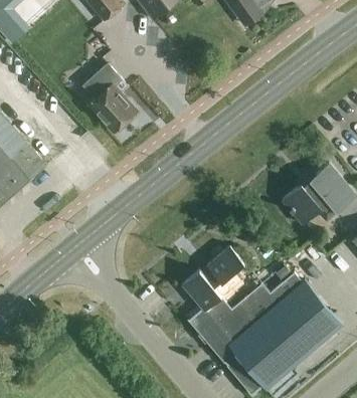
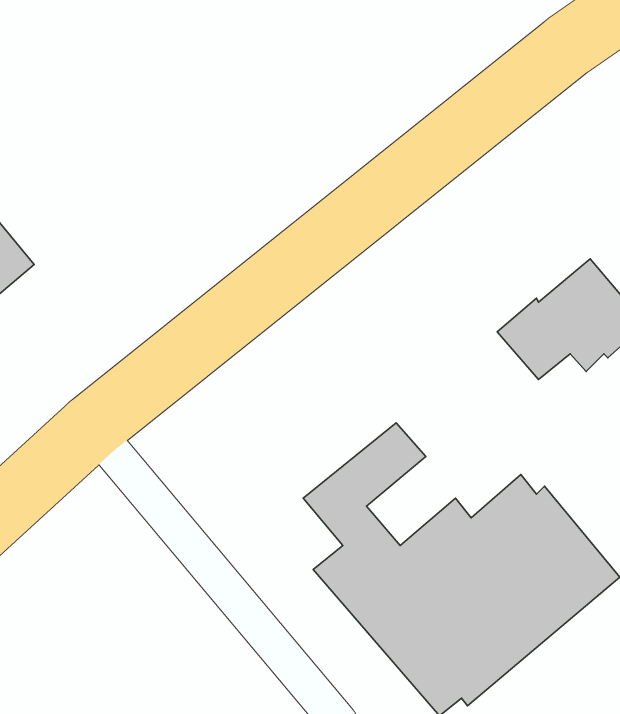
building: [84,64,138,133] -> none

